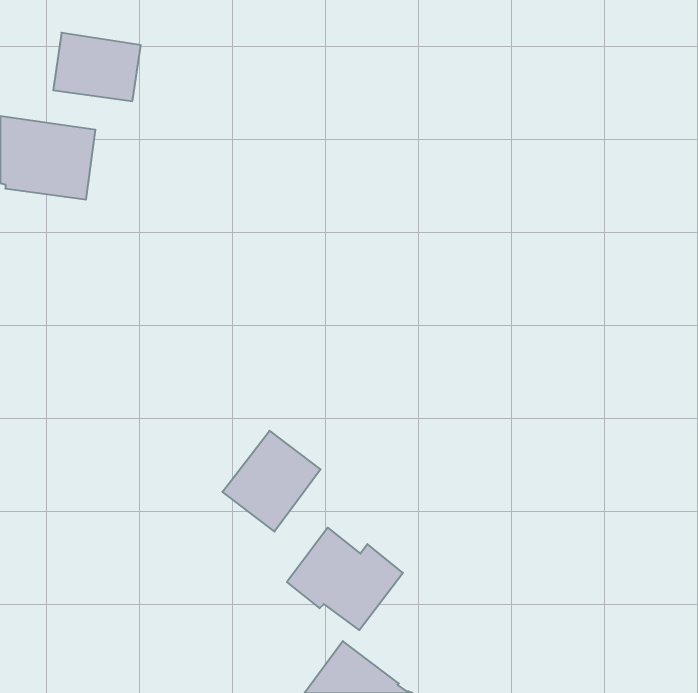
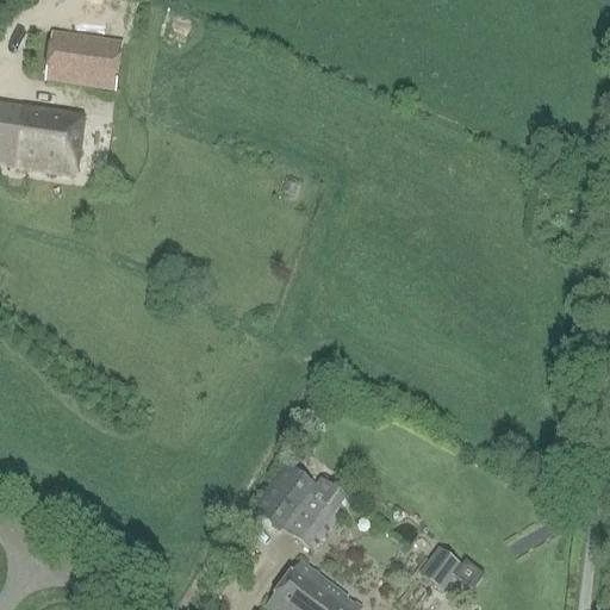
building: [222,431,321,532] -> none
building: none -> [423,548,485,589]

